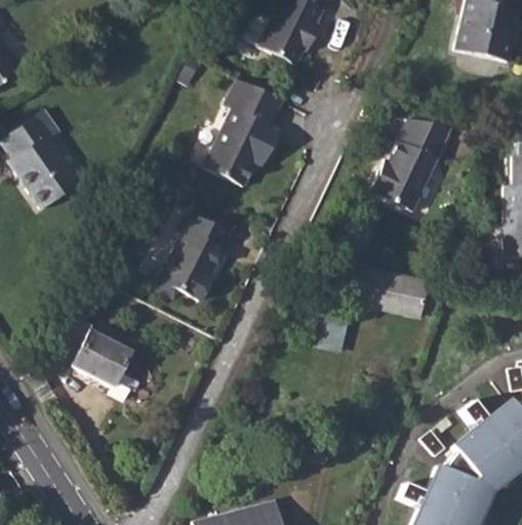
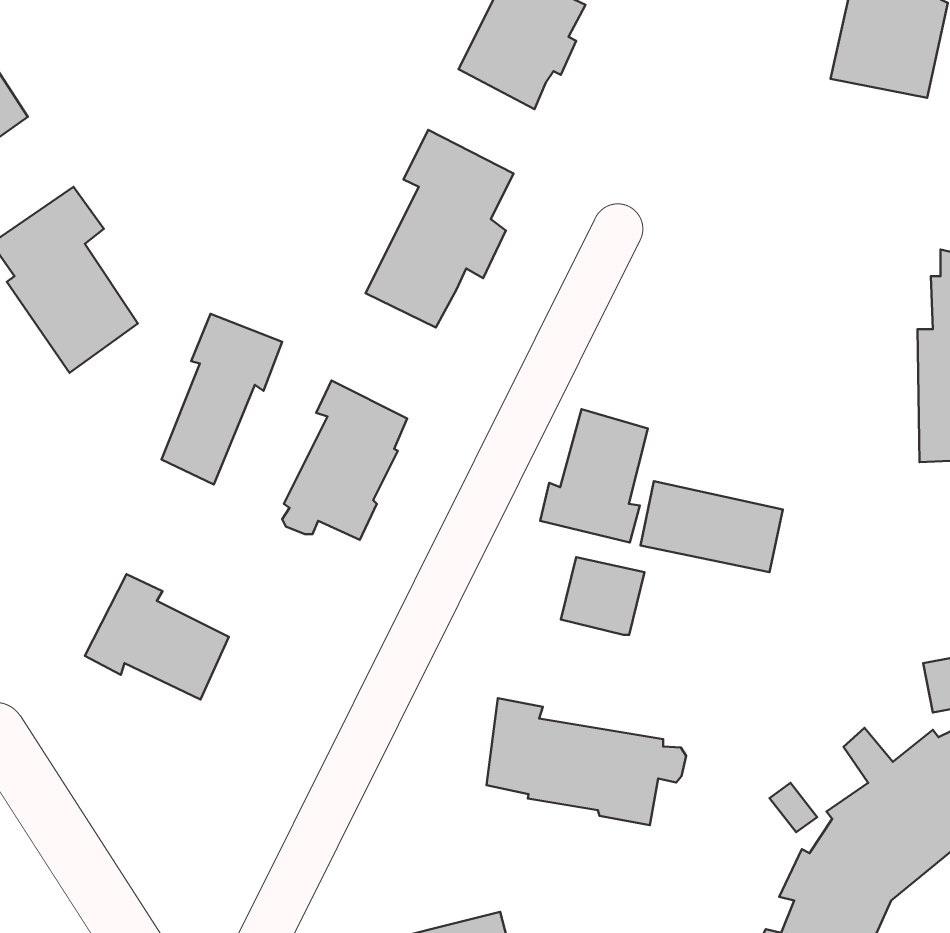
building: [373,121,458,216] -> none
building: none -> [162,314,282,484]
building: none -> [540,409,648,543]
building: none -> [487,698,686,825]

